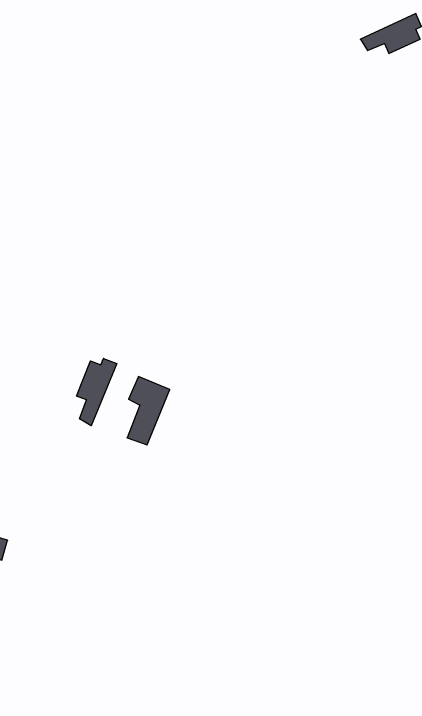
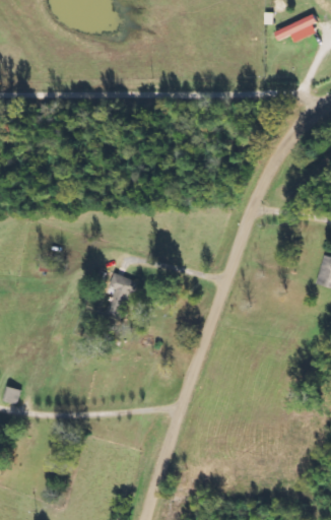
building: [76,358,117,426] -> none

